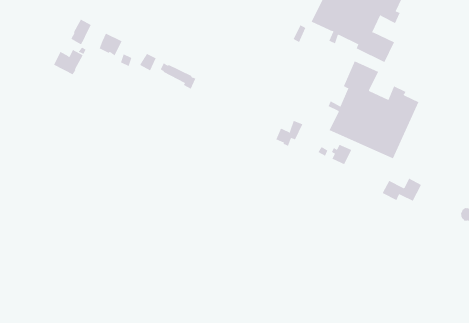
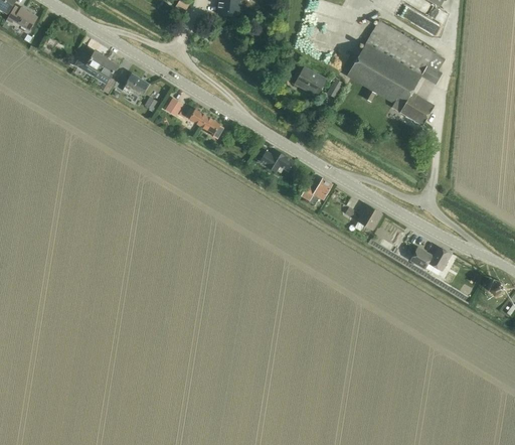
building: none -> [295,65,325,95]
building: [53,49,83,75] -> [73,49,106,77]
building: [328,61,419,159] -> none
building: none -> [259,149,293,172]

